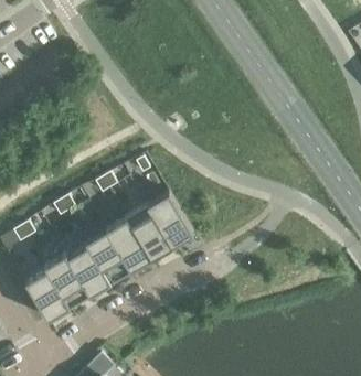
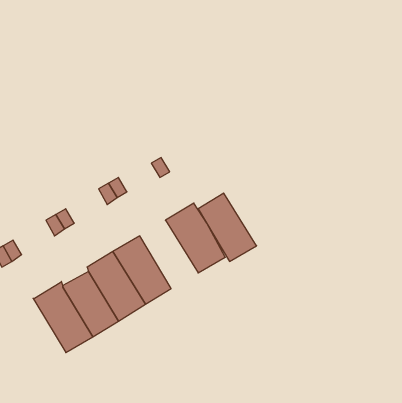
building: [126,205,171,258] -> [198,193,257,261]
building: [24,269,68,320] -> none

